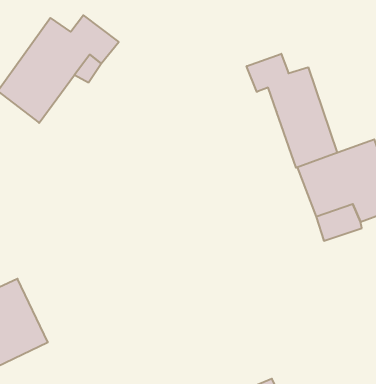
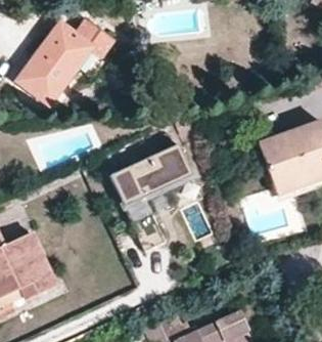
building: [247,54,337,168] -> none
building: none -> [112,140,193,246]

